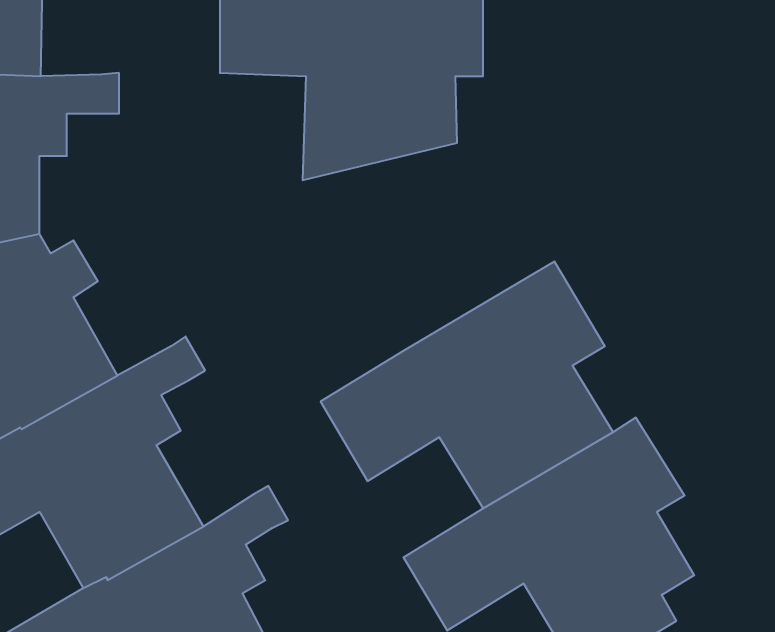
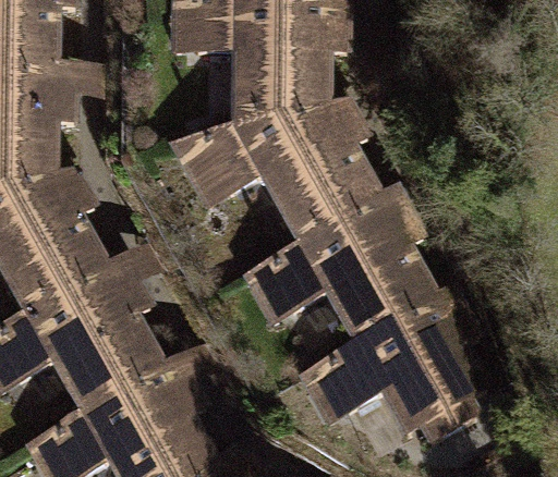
building: none -> [162,98,377,242]

